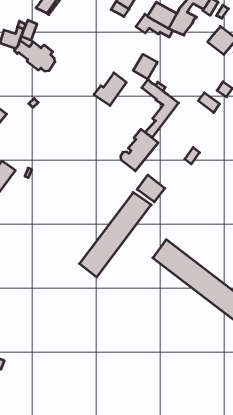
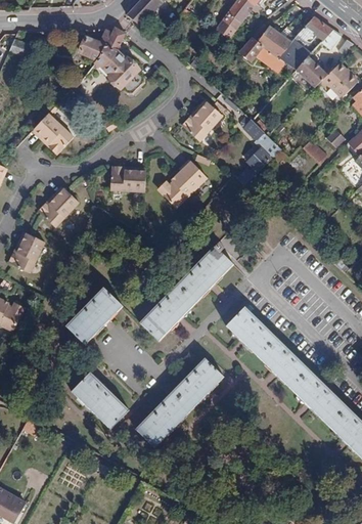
building: none -> [296,56,327,88]
building: [133,54,157,79] -> none
building: [121,129,158,171] -> [161,160,207,208]
building: none -> [110,168,145,192]
building: none -> [64,287,122,343]
building: none -> [135,357,223,447]
building: none -> [72,372,128,428]

